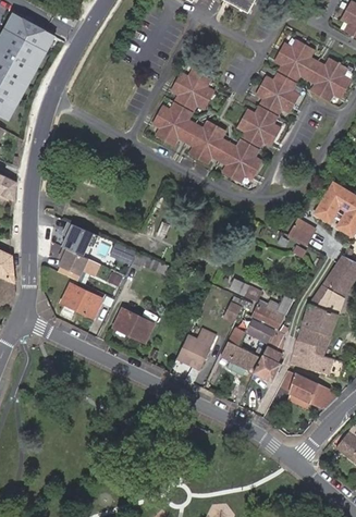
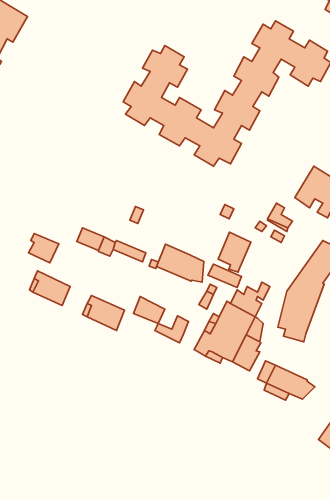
building: [62,223,93,256] -> none
building: none -> [218,232,251,272]
building: none -> [157,244,204,282]
building: [292,338,334,373] -> none
building: [173,342,204,368] -> [133,297,165,324]

